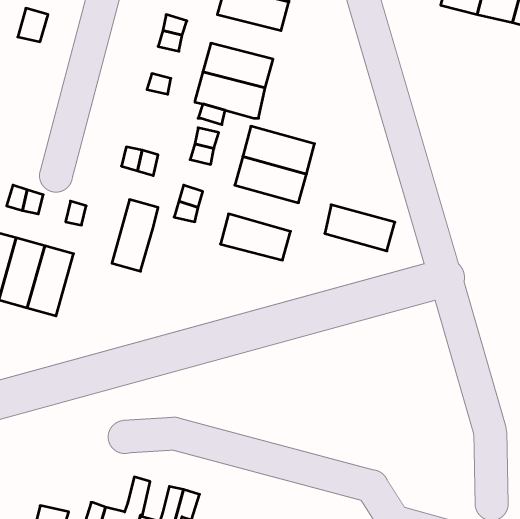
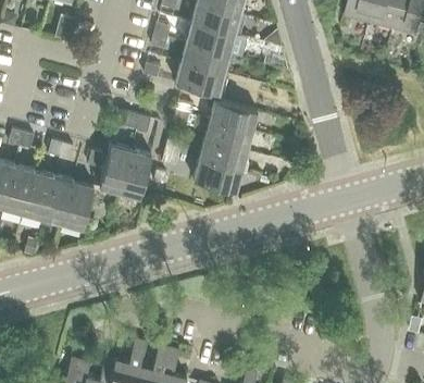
building: none -> [187,24,235,54]
building: none -> [99,145,132,194]
building: [325,205,395,251] -> [199,140,247,172]

